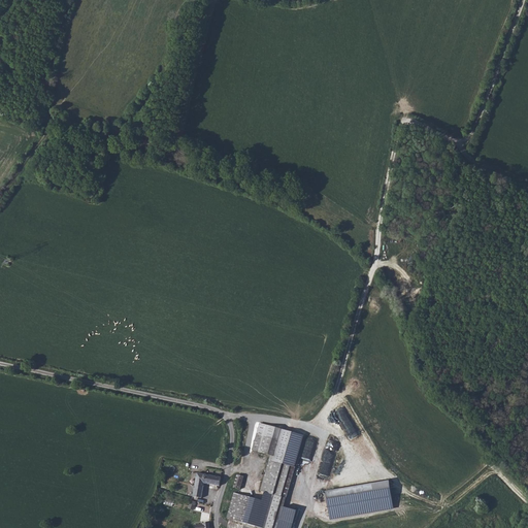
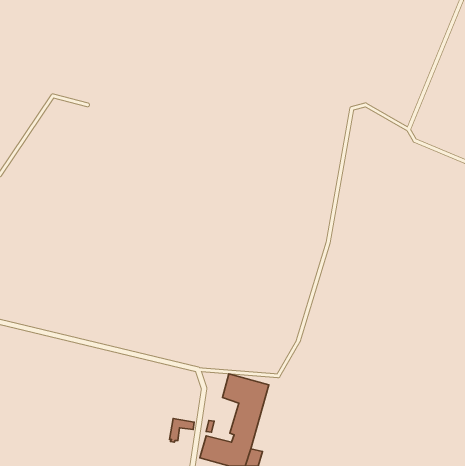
building: [327,480,395,520] -> none

